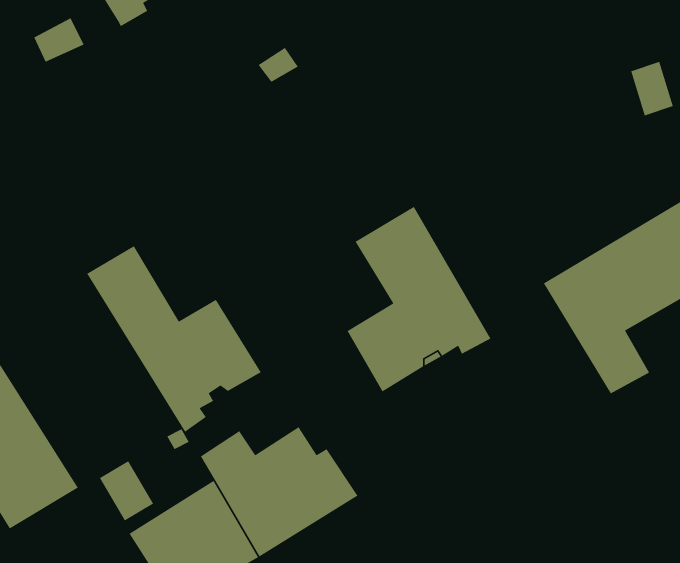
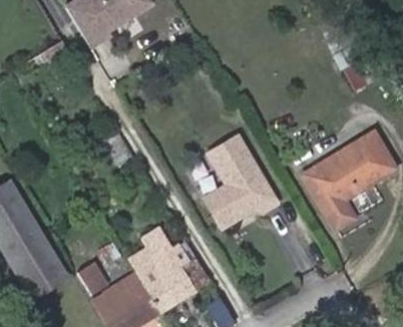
building: [86,245,262,433] -> none

